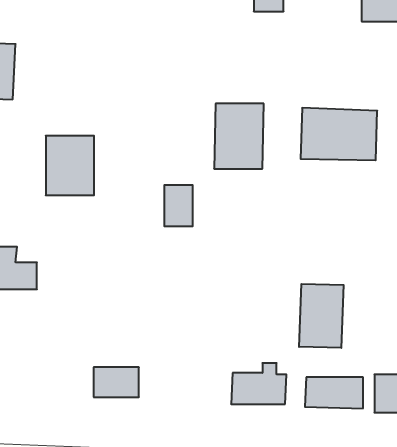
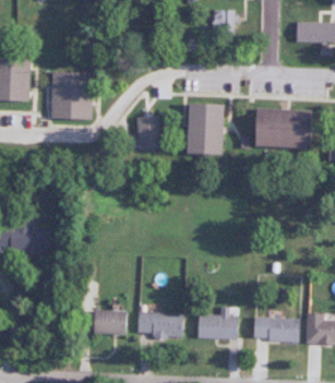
building: [46,136,94,195] -> [52,73,89,119]
building: [164,185,193,226] -> [139,118,160,149]
building: [299,284,344,348] -> none
building: none -> [137,311,186,335]

